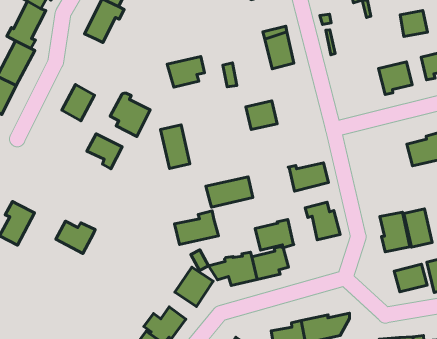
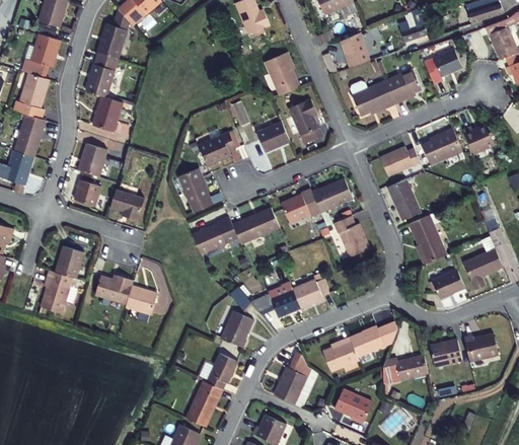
building: none -> [338,32,367,65]
building: none -> [94,98,125,133]
building: [167,57,204,87] -> [201,132,238,166]
building: none -> [346,79,393,116]
building: none -> [287,96,320,143]
building: [110,93,150,136] -> none
building: none -> [72,175,99,202]
building: none -> [379,149,420,177]
building: none -> [55,244,84,279]
building: [404,209,432,247] -> [388,181,421,221]
building: [175,211,218,245] -> [197,215,241,253]
building: [255,220,294,250] -> [282,191,322,225]
building: none -> [126,288,160,318]

